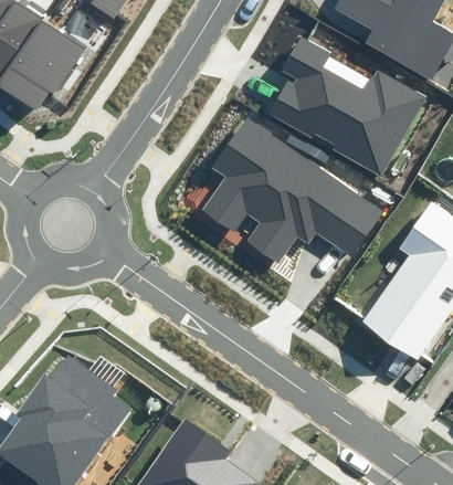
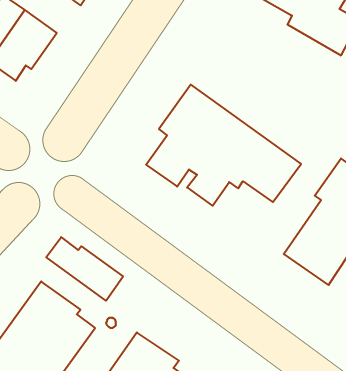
building: [268,34,419,171] -> none
building: none -> [46,237,123,301]

